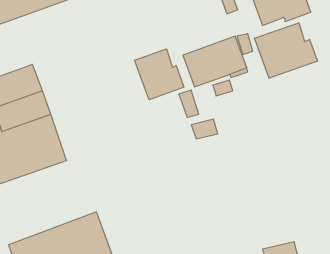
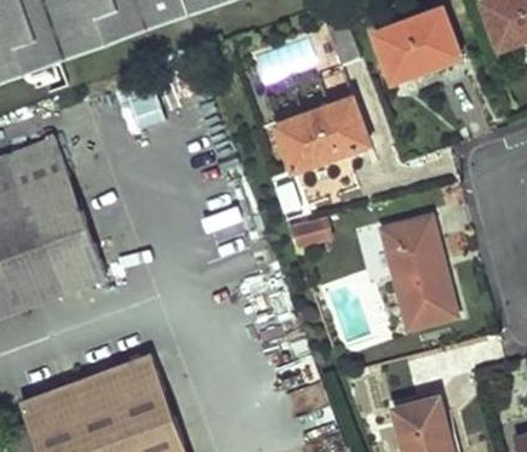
building: [255,23,317,78] -> none
building: [135,49,184,100] -> none
building: none -> [382,217,456,327]

